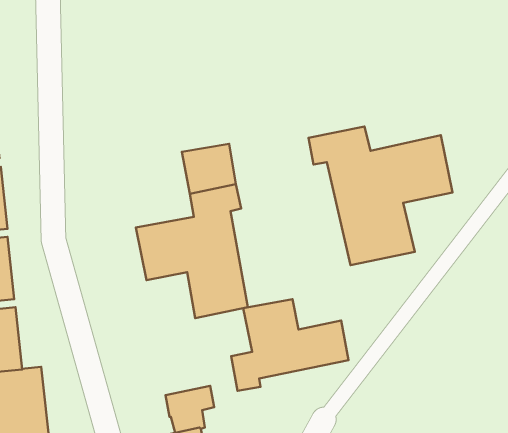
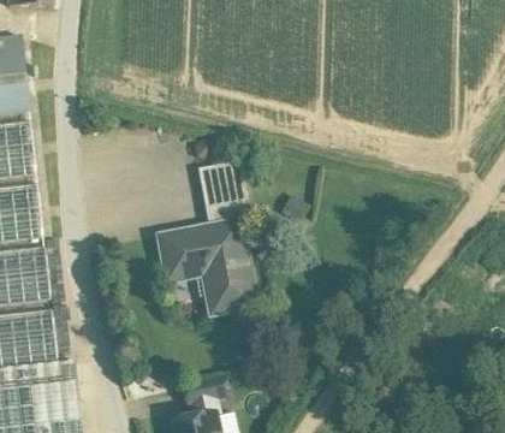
building: [309,126,453,265] -> none
building: [231,299,349,391] -> none

